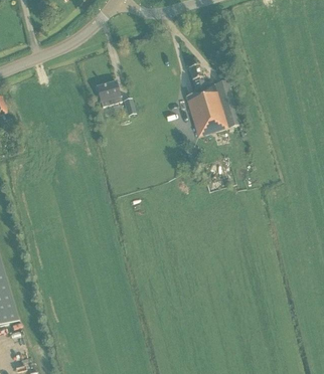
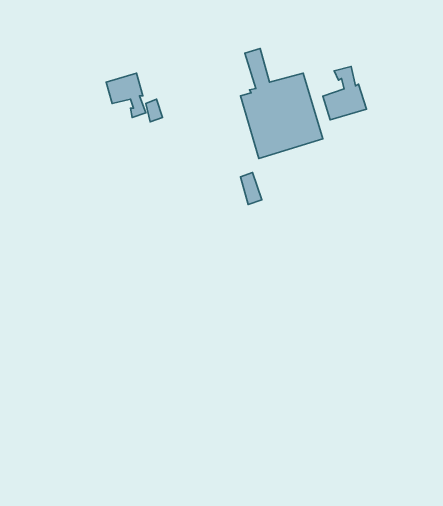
building: none -> [323,66,367,120]

